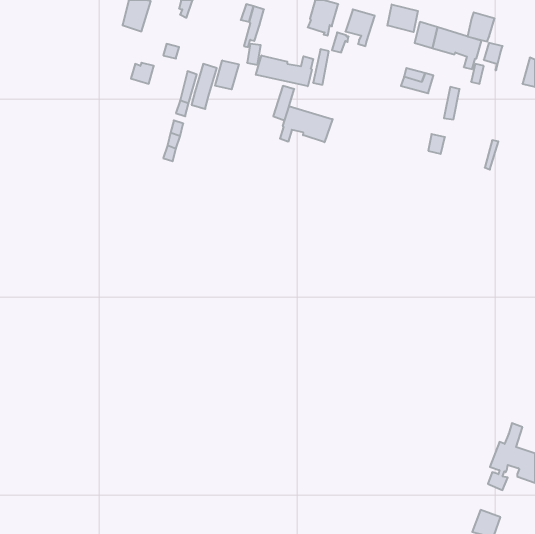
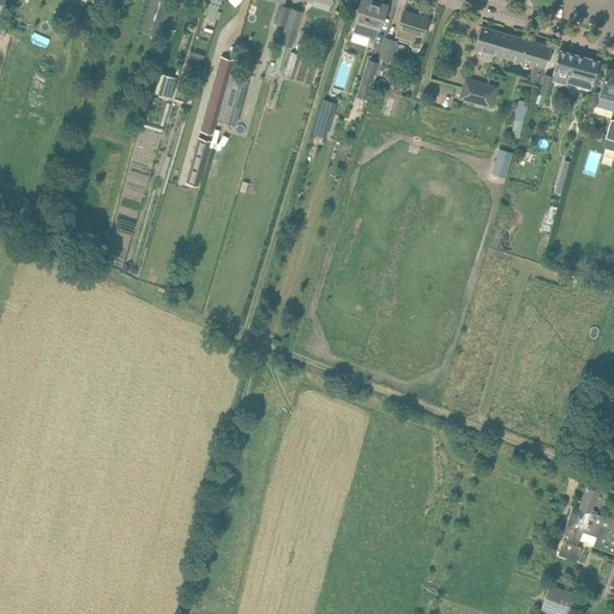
building: [387,4,418,32] -> none
building: [467,12,495,42] -> [568,54,600,88]
building: [256,55,313,86] -> none
building: [215,60,239,89] -> none
building: [280,106,333,142] -> none

